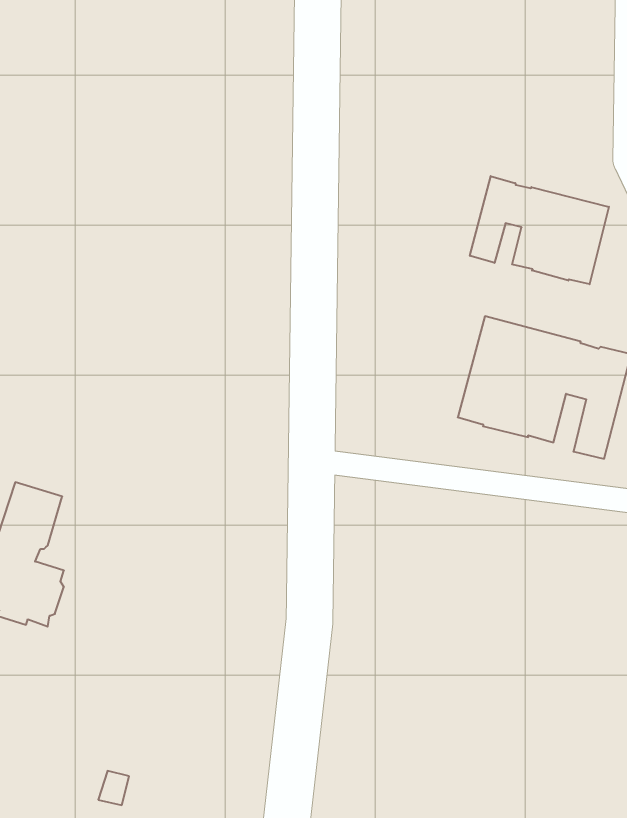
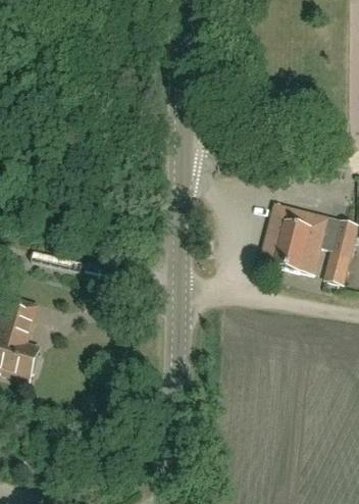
building: [470,176,609,284] -> none

